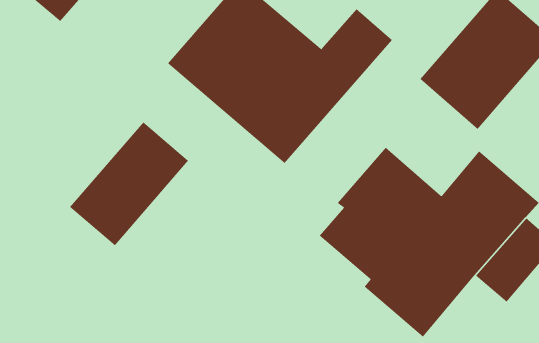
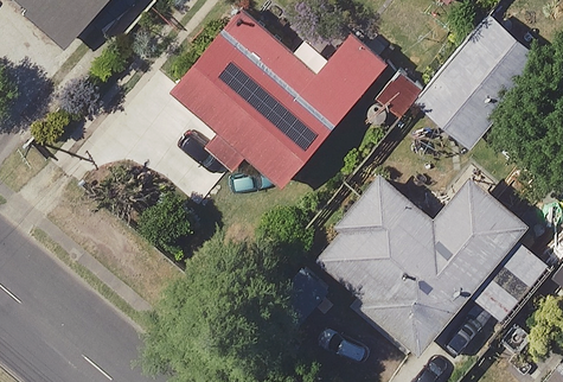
building: [69,122,189,246] -> none

